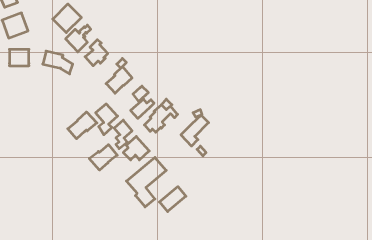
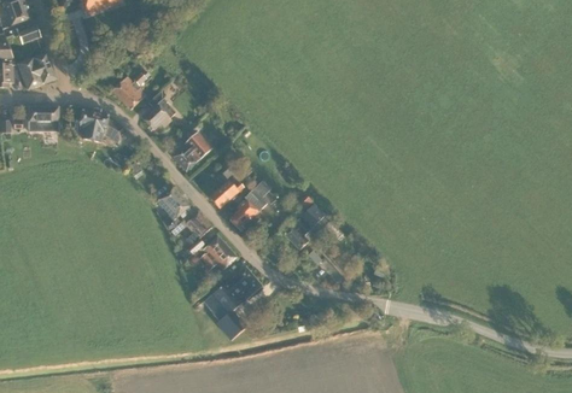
building: [53,4,81,33] -> none
building: [68,112,97,139] -> none
building: [89,145,117,170] -> none
building: [159,187,186,212] -> none

